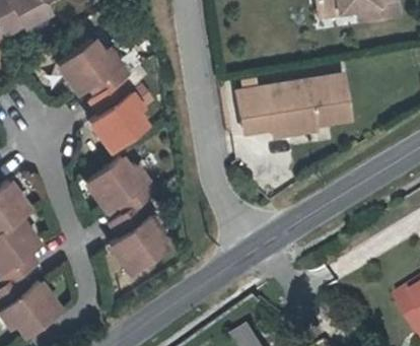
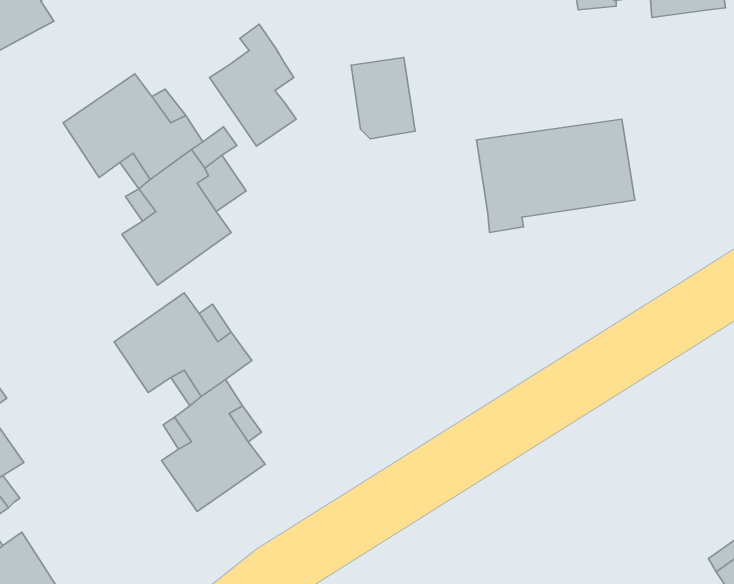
building: none -> [209,24,296,146]
building: [251,77,285,121] -> [351,58,415,139]

